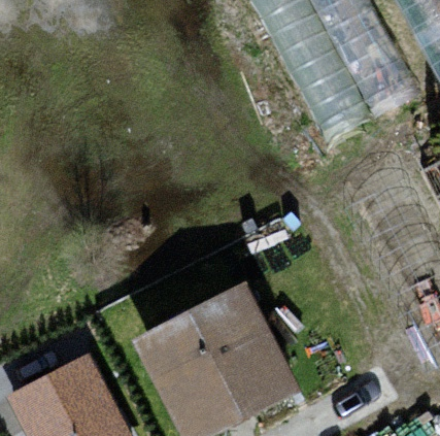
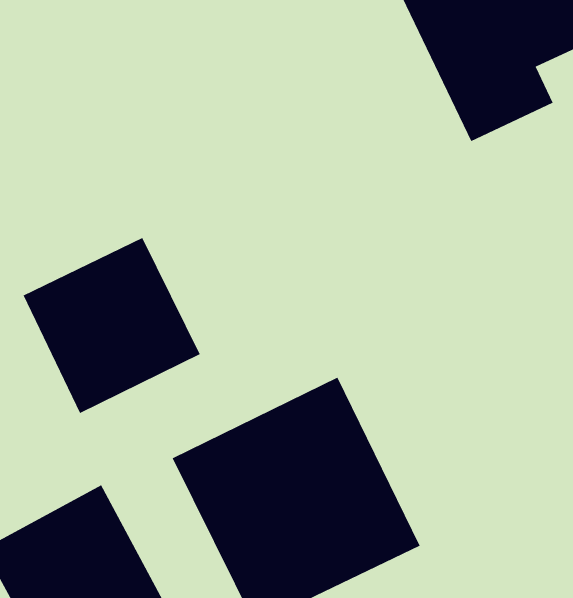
building: none -> [23,237,200,414]

